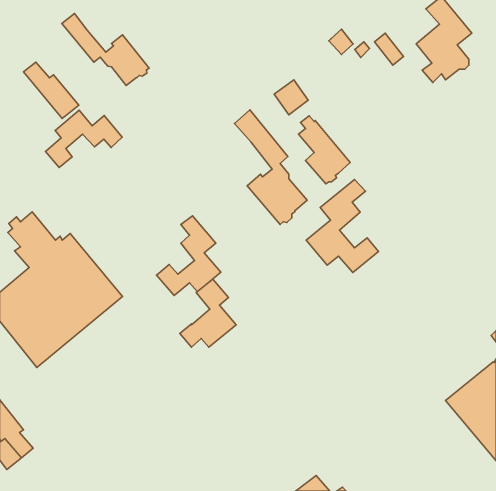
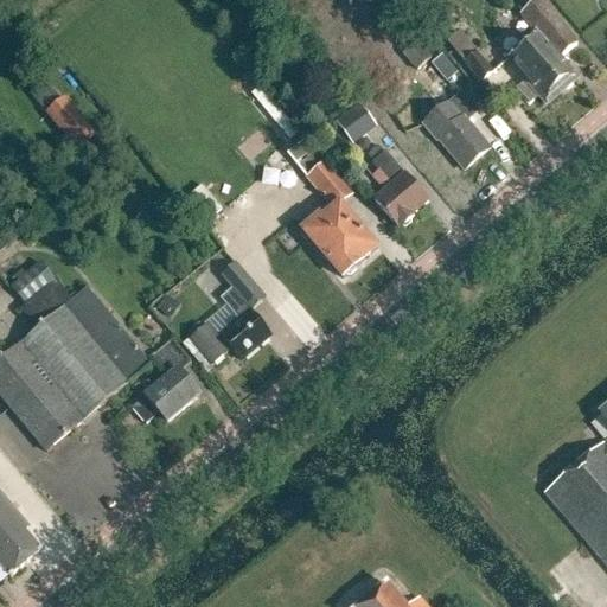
building: [62,14,149,85] -> none
building: none -> [422,89,488,166]
building: [45,110,122,168] -> none
building: [306,180,379,273] -> none
building: [180,279,236,347] -> [130,337,199,420]

